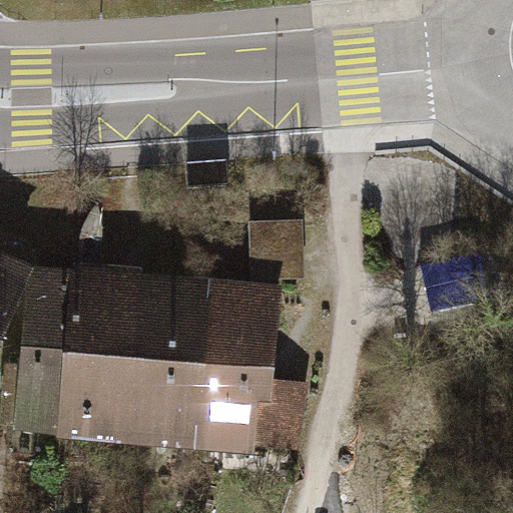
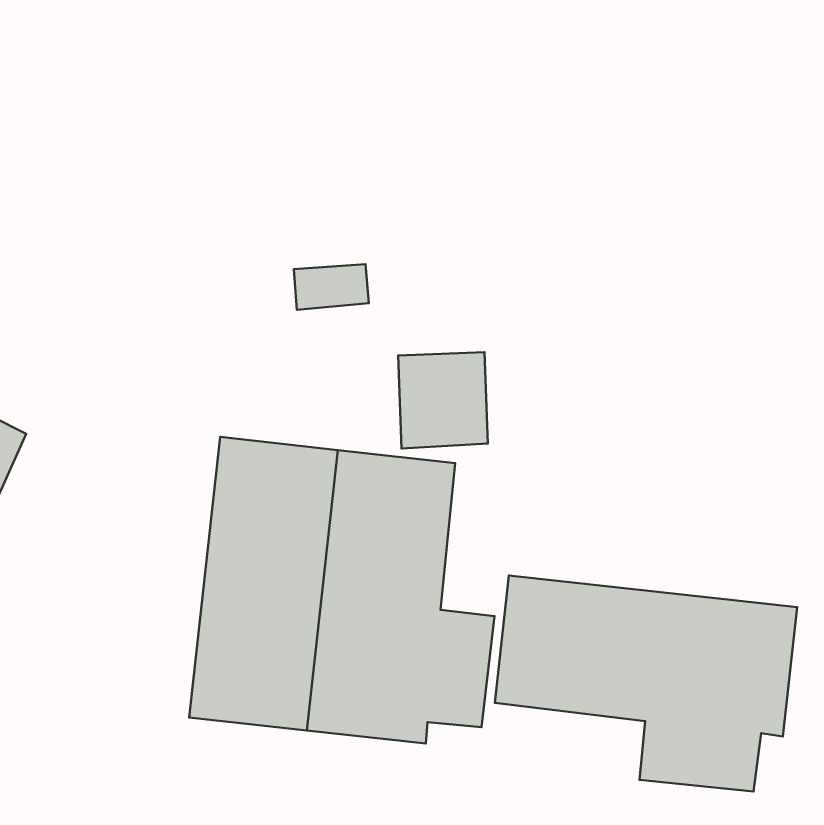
building: [7,256,135,441] -> none
building: none -> [495,575,797,791]

